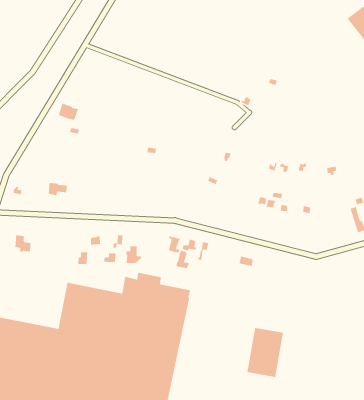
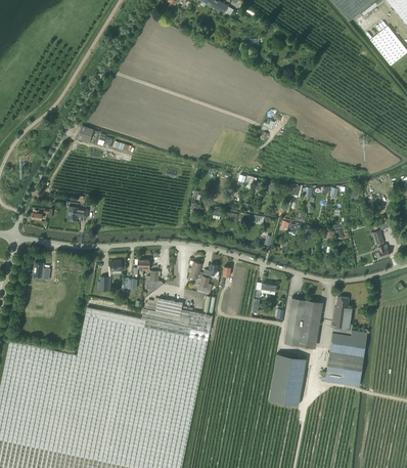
building: none -> [321,297,367,386]
building: none -> [284,298,321,348]

